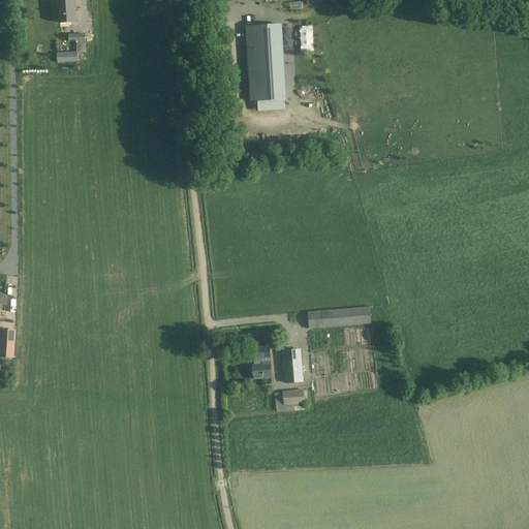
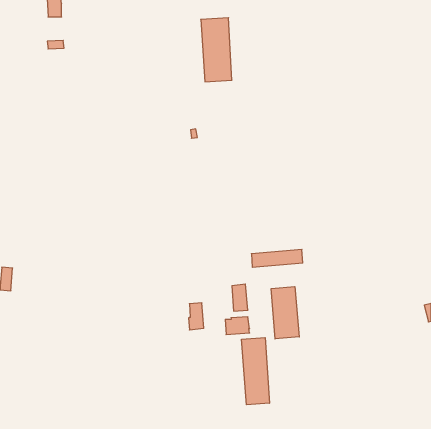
building: [253,345,272,378] -> [189,303,204,330]
building: none -> [271,287,299,339]
building: none -> [242,338,269,405]

